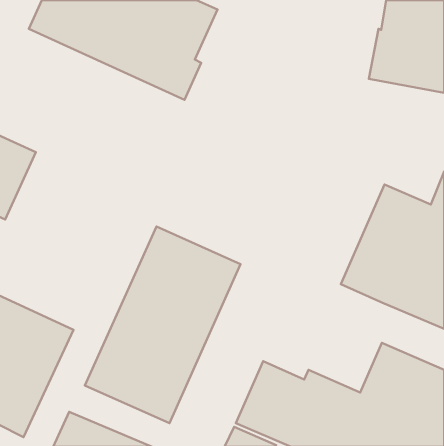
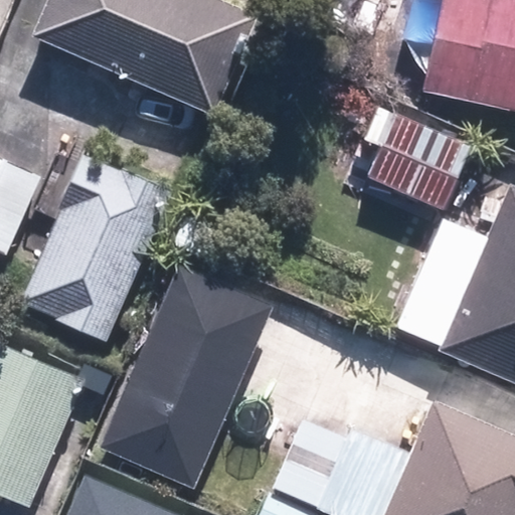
building: none -> [369,114,472,204]
building: none -> [20,152,175,344]

